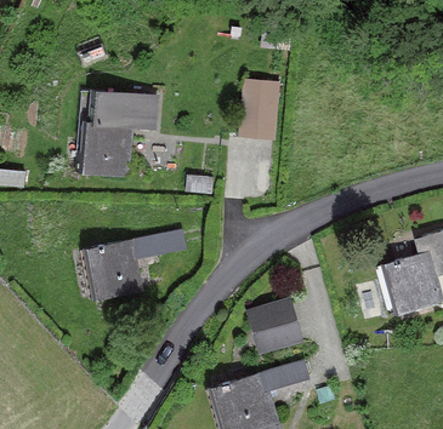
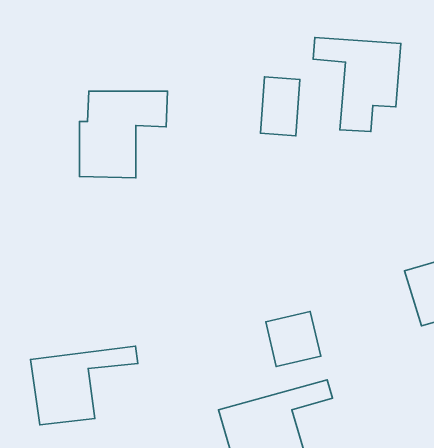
building: none -> [313,38,401,132]
building: [83,235,182,308] -> [31,346,138,425]

